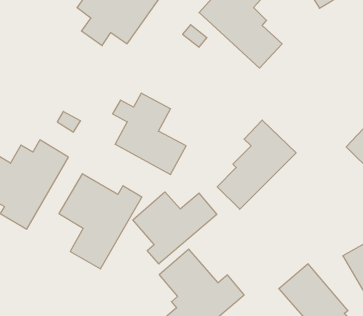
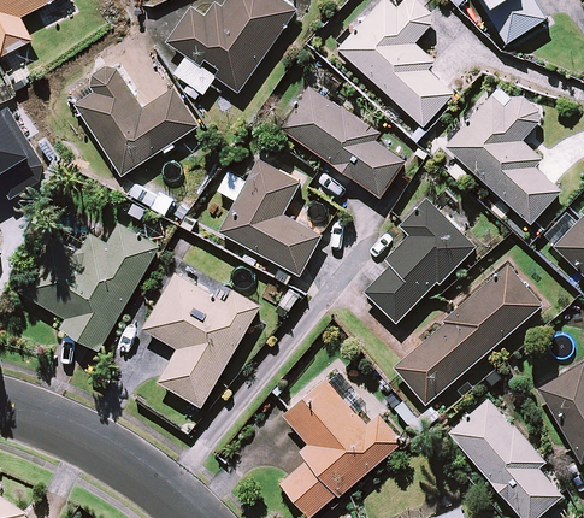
building: none -> [76,64,199,176]
building: none -> [281,84,405,198]
building: none -> [444,92,560,224]
building: none -> [394,266,542,405]
building: [133,192,217,264] -> none

